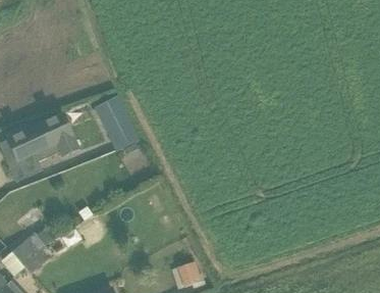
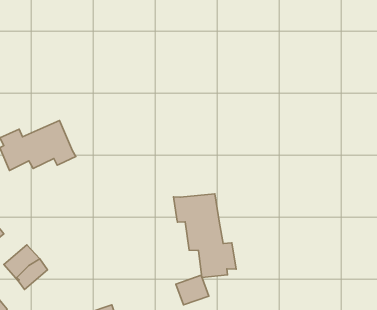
building: [94,94,140,148] -> none
building: none -> [174,194,236,278]

